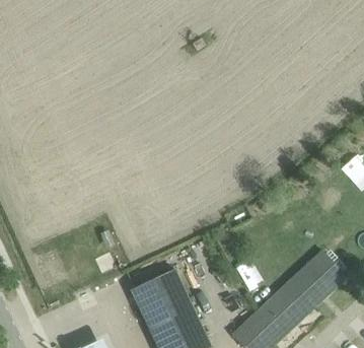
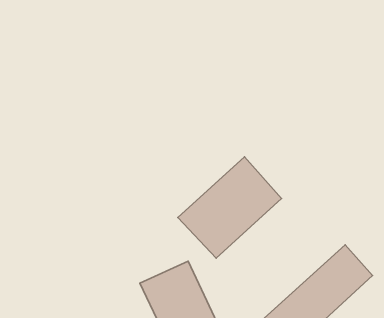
building: none -> [178,157,282,258]

